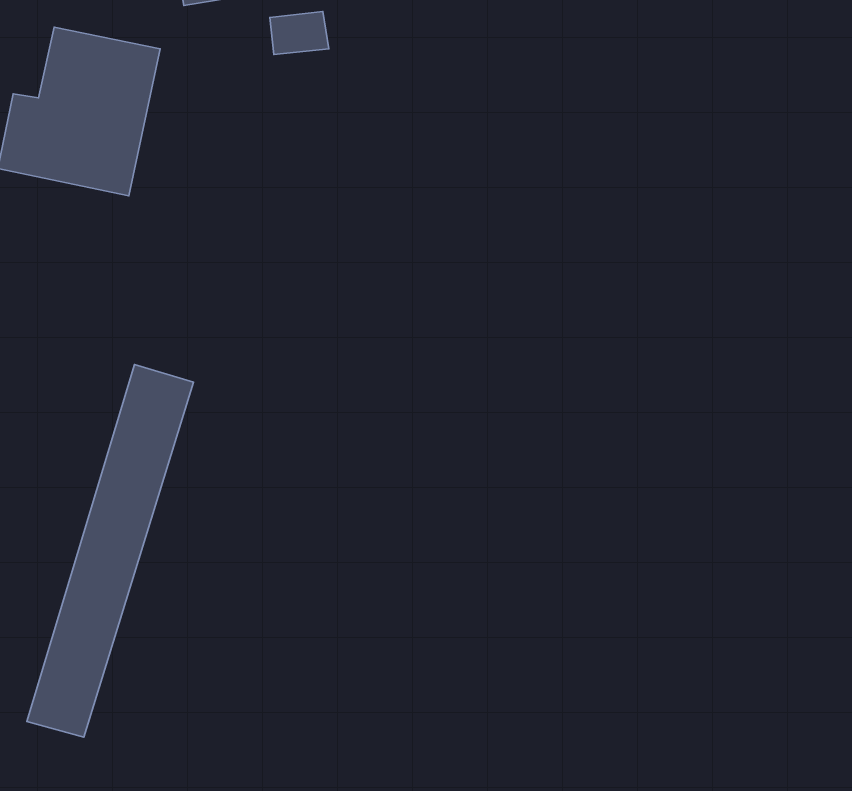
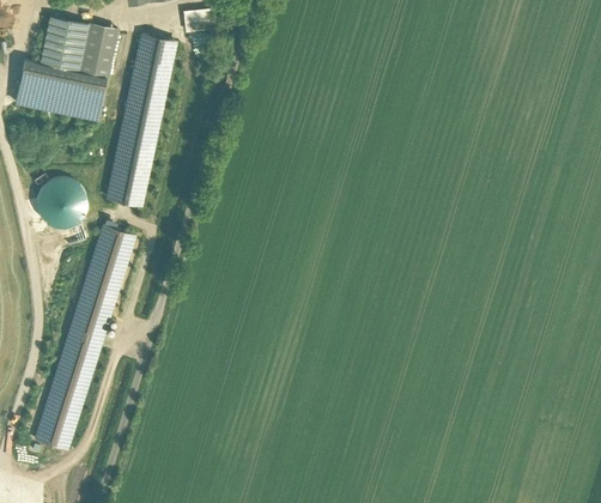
building: none -> [107,34,177,206]
building: none -> [40,178,79,228]

